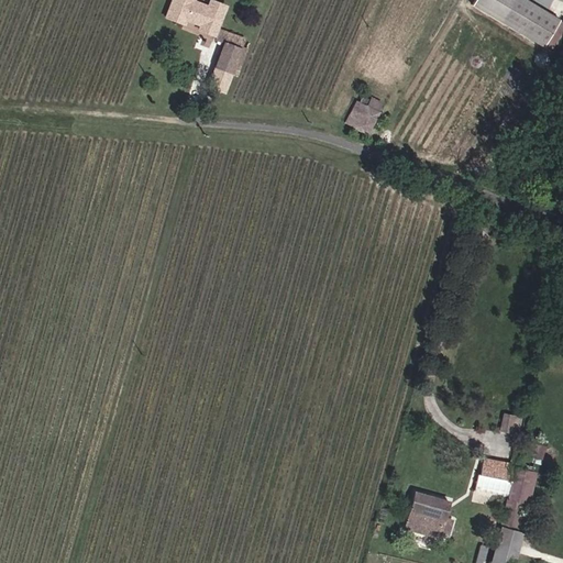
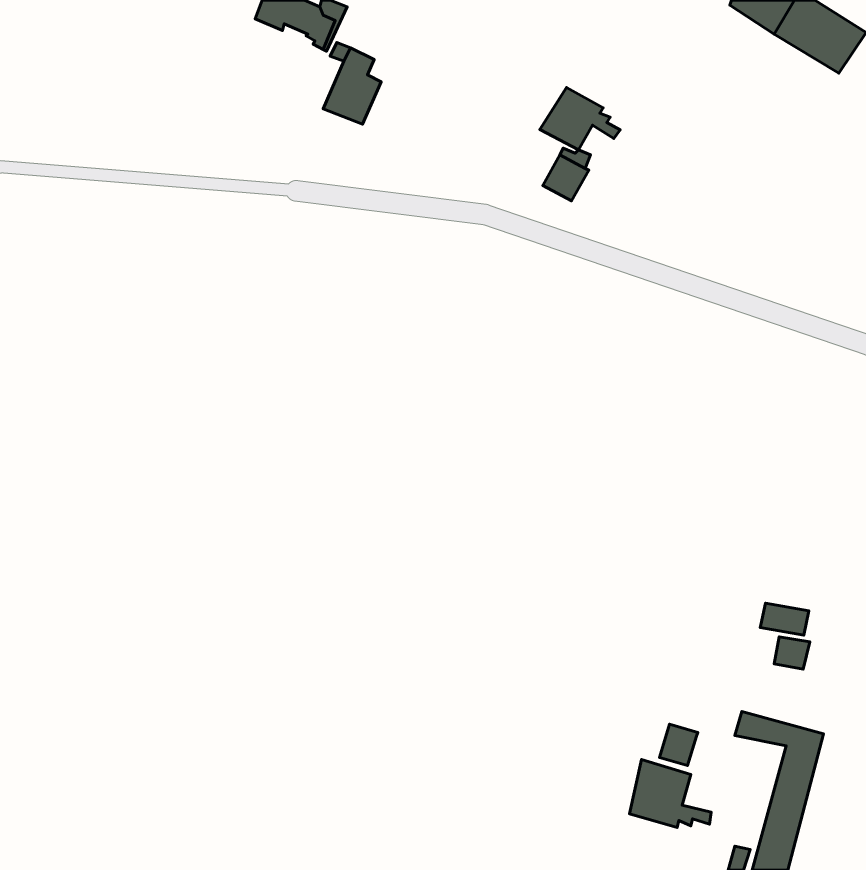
building: none -> [540,87,620,150]
building: none -> [760,603,809,635]
building: none -> [660,724,698,766]

